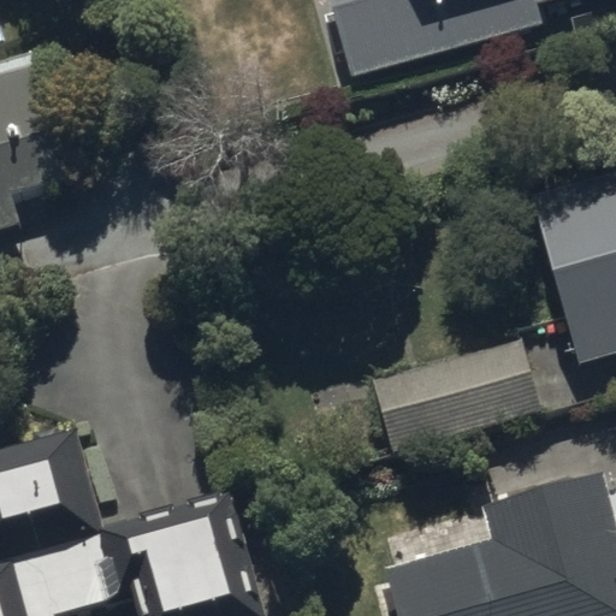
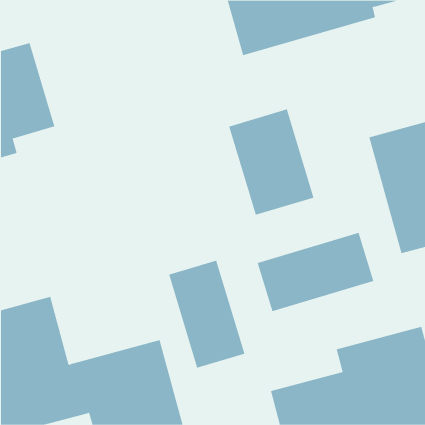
building: none -> [228,109,314,216]
building: none -> [168,260,245,369]

